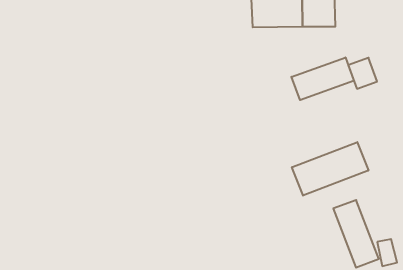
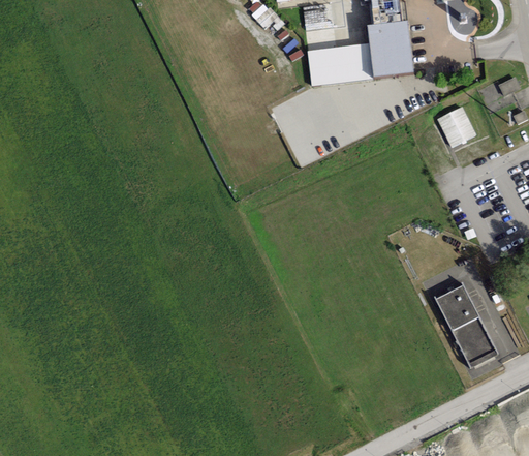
building: [291,57,354,100] -> none
building: [292,142,368,196] -> none

